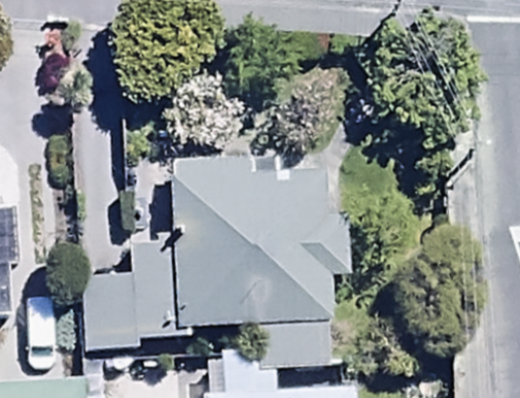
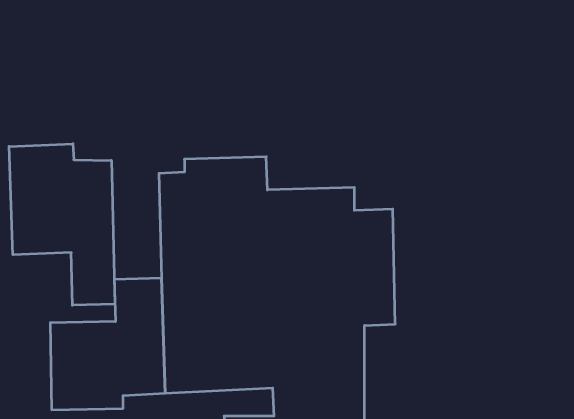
building: none -> [9,144,115,305]

